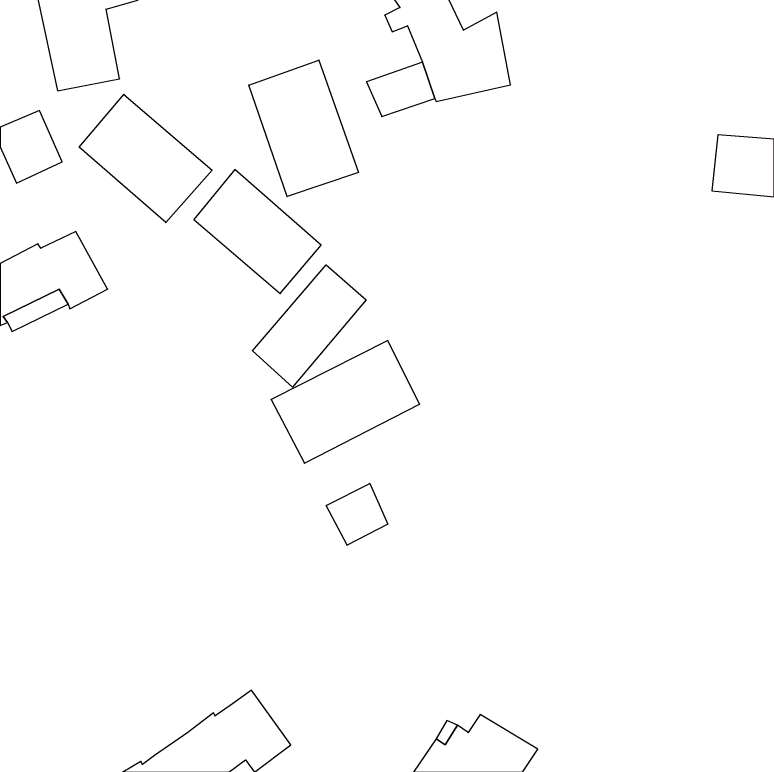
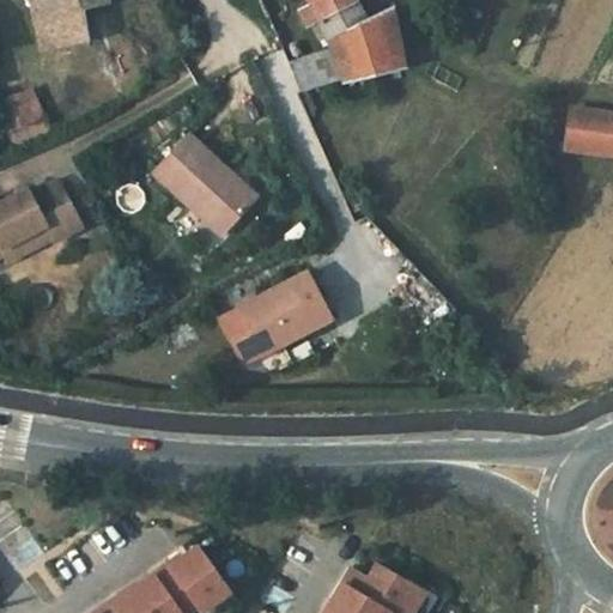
building: [249,60,358,197] -> none
building: [79,94,212,223] -> none
building: [252,265,366,387] -> none
building: [326,483,388,545] -> none

